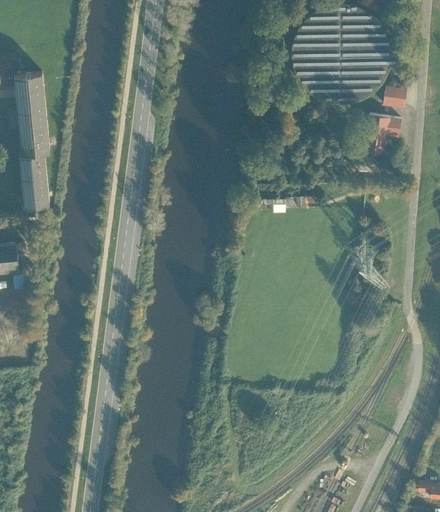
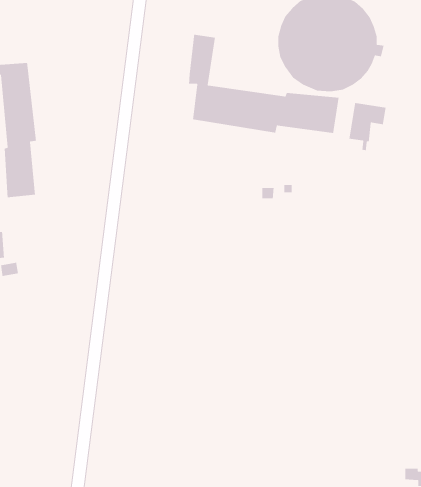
building: none -> [188,34,339,134]
building: [382,86,406,108] -> none

